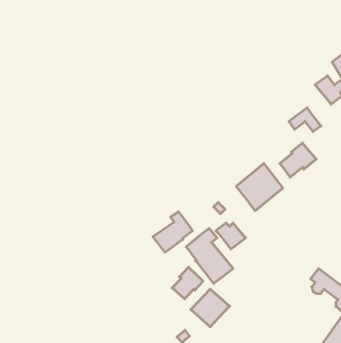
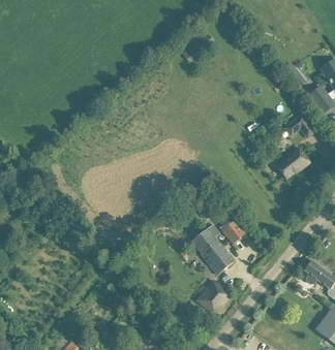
building: [236,163,283,211] -> none
building: [153,212,192,252] -> none
building: [172,267,203,299] -> none

